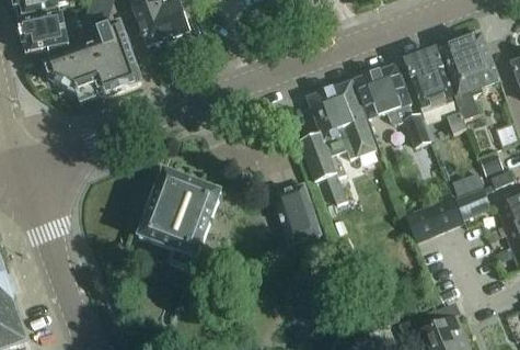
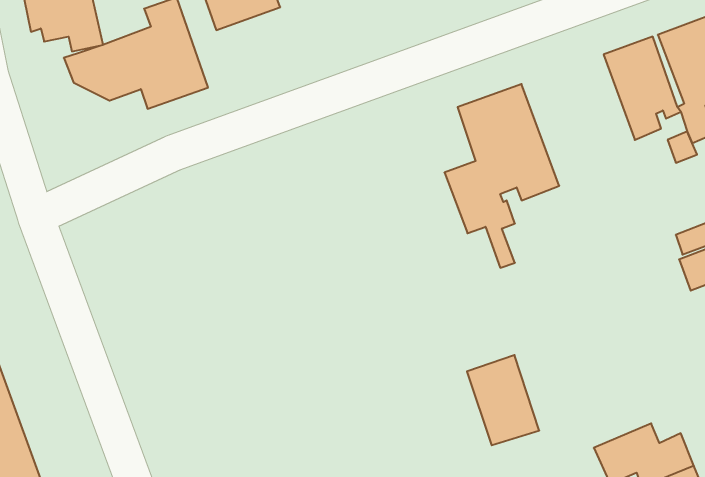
building: [353,63,428,145] -> none
building: [138,168,220,273] -> none
building: [271,181,320,241] -> [467,355,539,445]
building: [406,197,462,239] -> none

